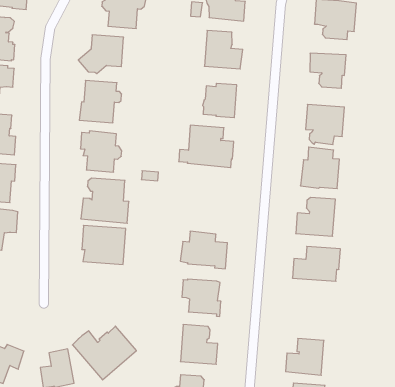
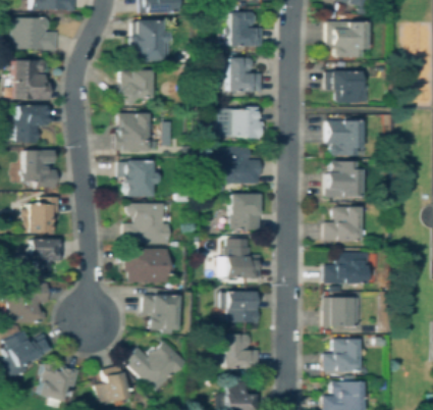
building: none -> [231,194,262,230]
building: none -> [144,295,178,330]
building: none -> [326,298,361,327]

